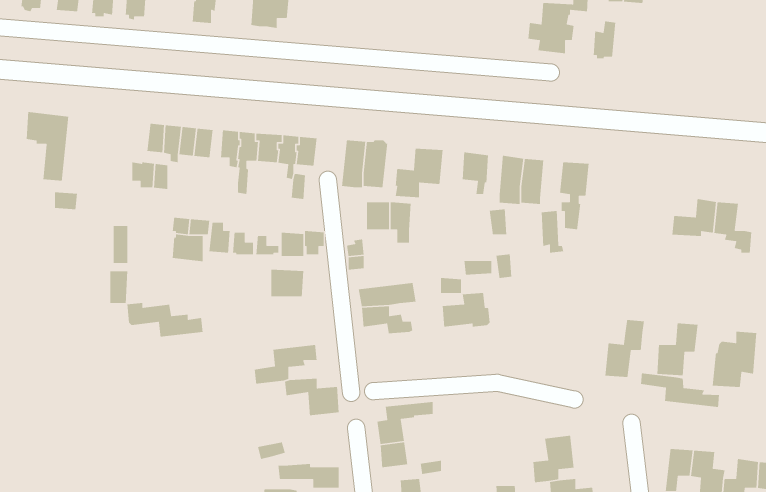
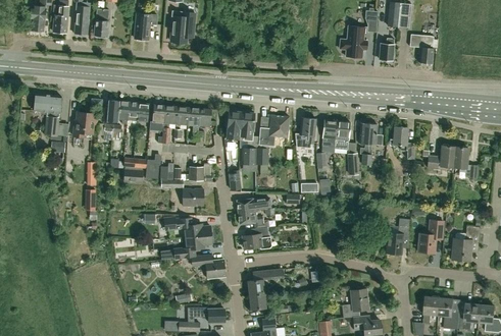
building: none -> [409,35,433,63]
building: none -> [72,111,96,136]
building: none -> [392,126,413,159]
building: [442,292,490,327] -> [242,227,271,248]
building: [126,302,204,337] -> [163,216,210,237]
building: [640,373,720,408] -> none

